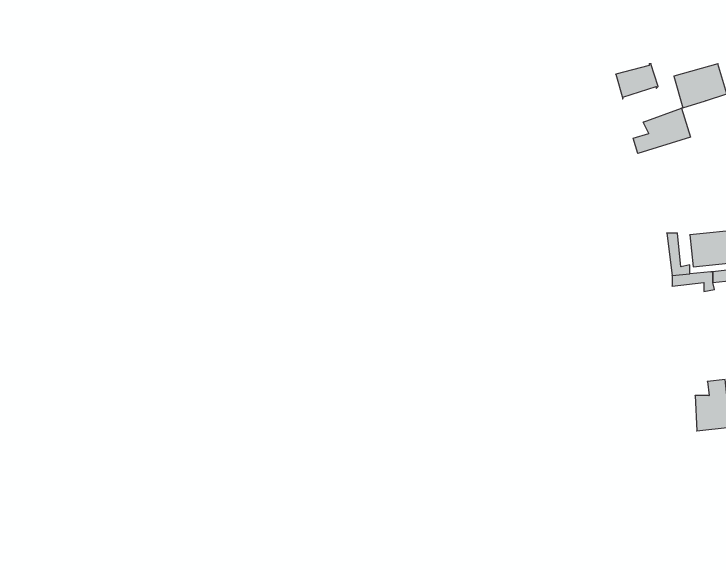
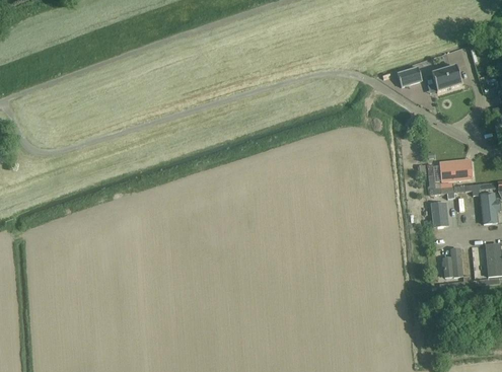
building: [633,108,691,153] -> none
building: none -> [431,201,449,226]

